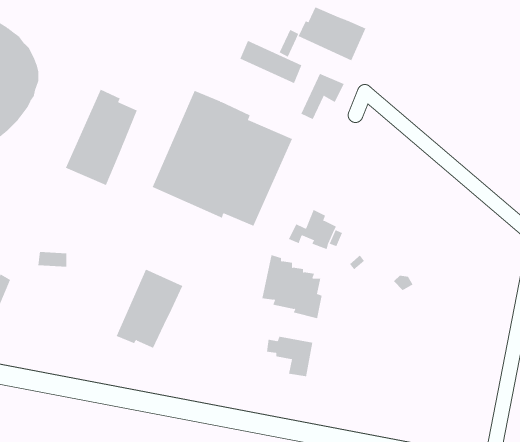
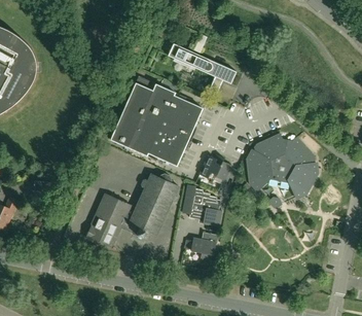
building: [298,6,366,61] -> none
building: [65,89,138,186] -> none
building: none -> [247,133,318,197]
building: none -> [120,173,178,239]

